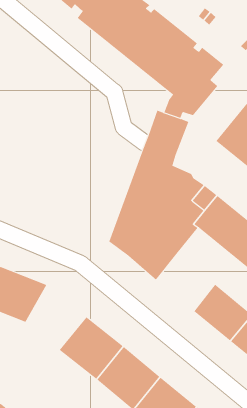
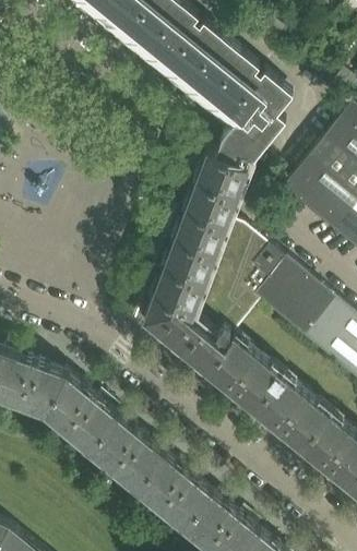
building: none -> [207,334,283,407]
building: none -> [40,373,118,456]

